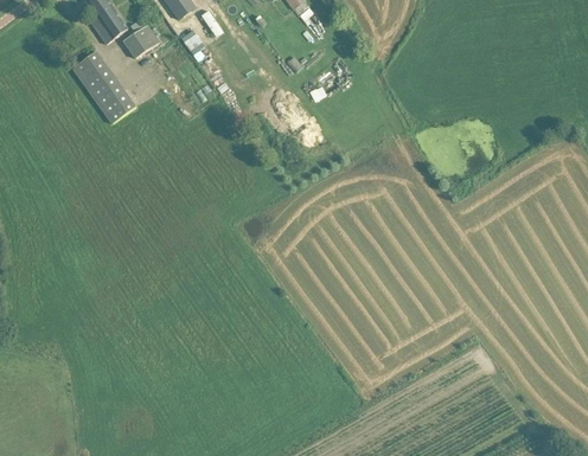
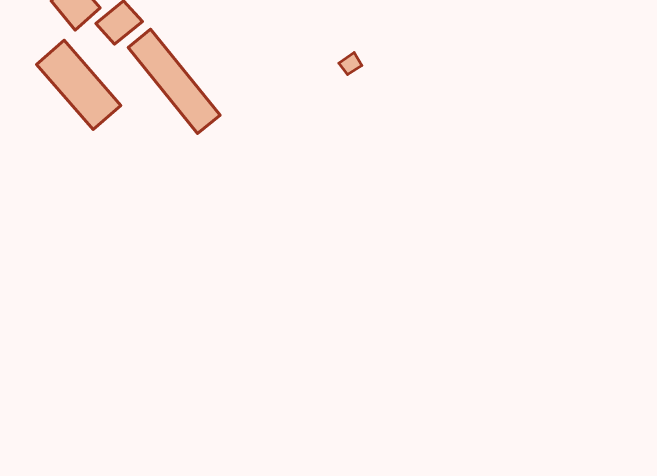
building: none -> [128,29,220,133]

